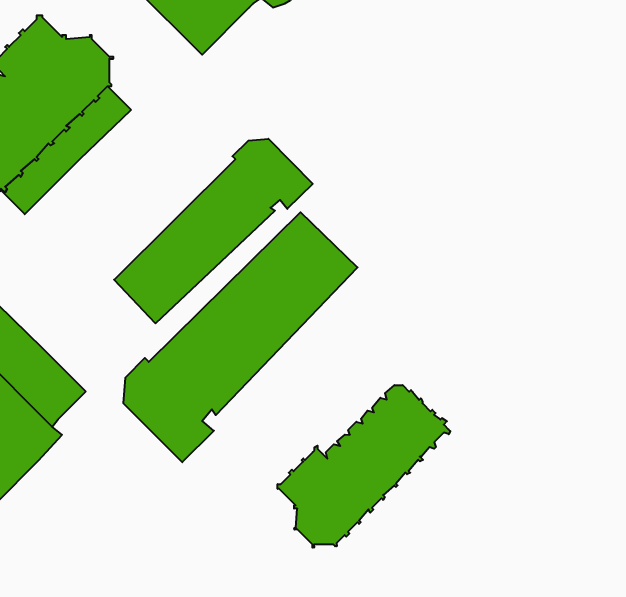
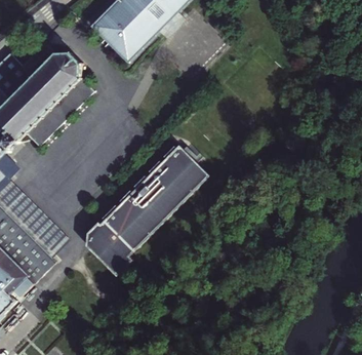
building: [114,139,313,323] -> none
building: [278,385,450,548] -> none

